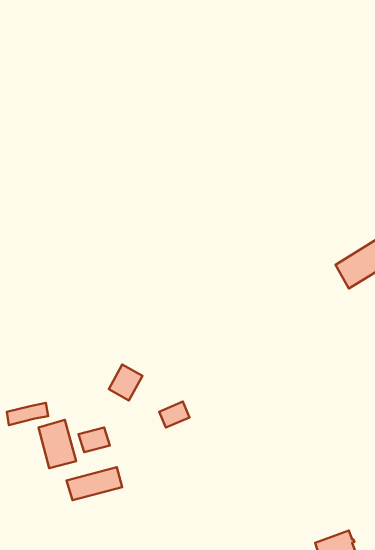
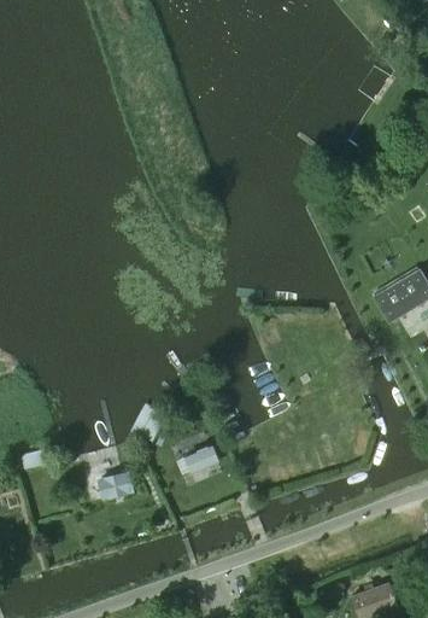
building: [39,420,76,468] -> none
building: [66,467,122,500] -> none

